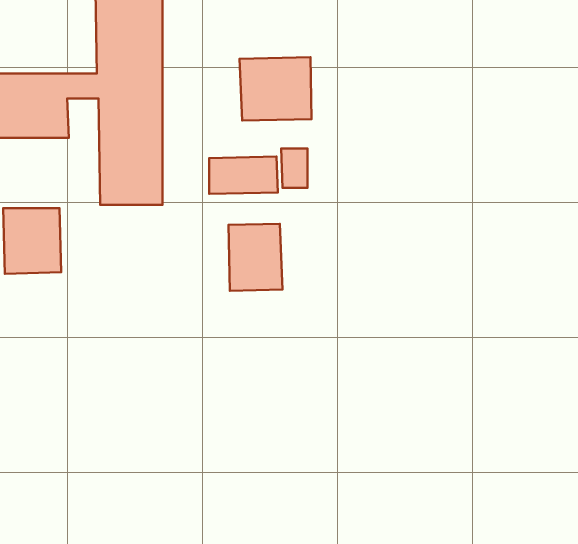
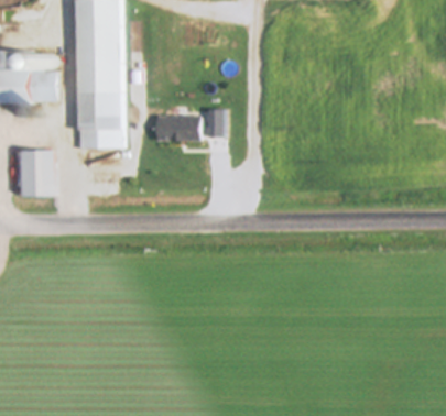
building: [239,57,312,121] -> none
building: [229,224,282,291] -> none

